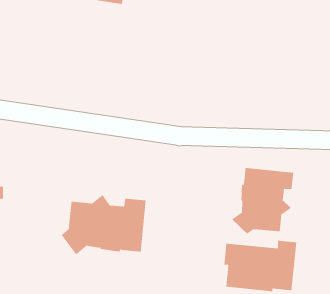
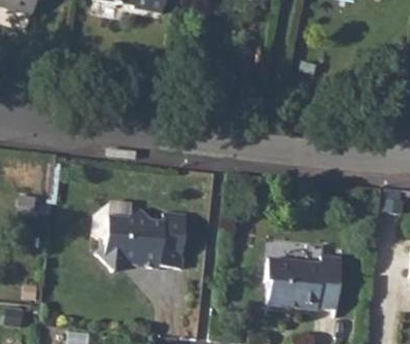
building: [231,167,294,234] -> none

